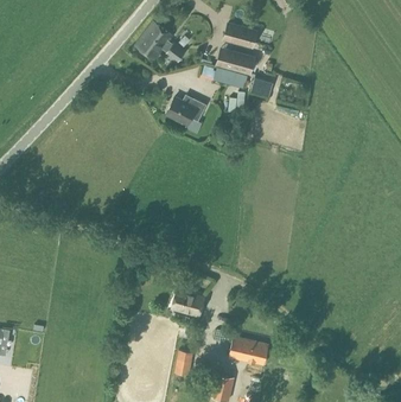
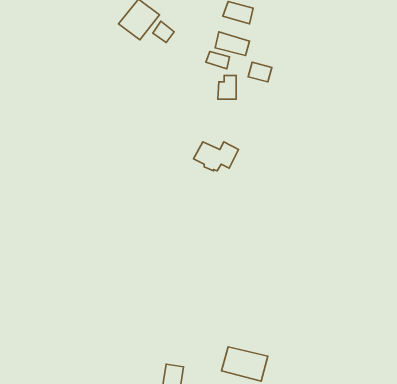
building: [166,97,206,123] -> [194,142,238,171]
building: [172,289,204,314] -> none

